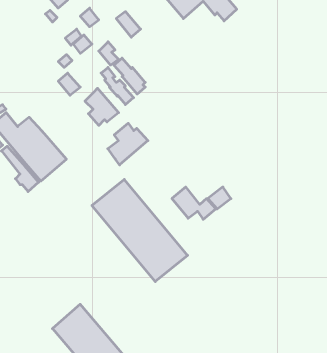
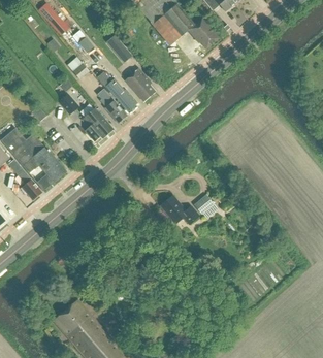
building: none -> [125,67,155,101]
building: [108,123,148,165] -> none
building: [92,179,188,282] -> none

